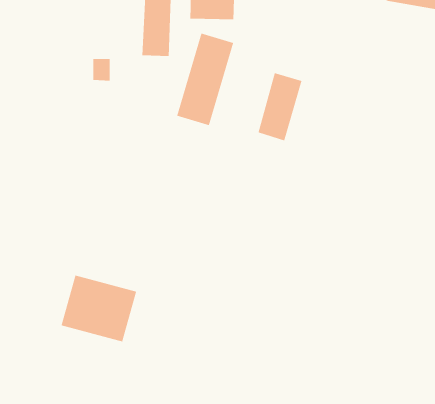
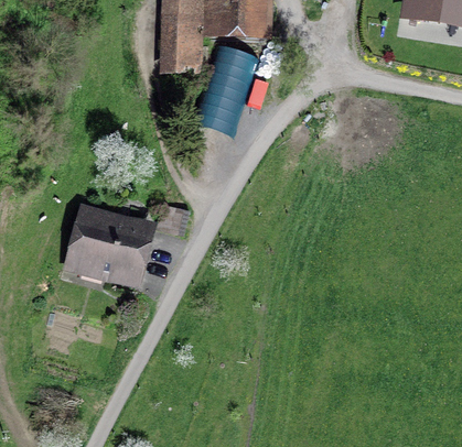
building: [258,72,303,141] -> none
building: [60,275,137,343] -> [71,216,147,283]

